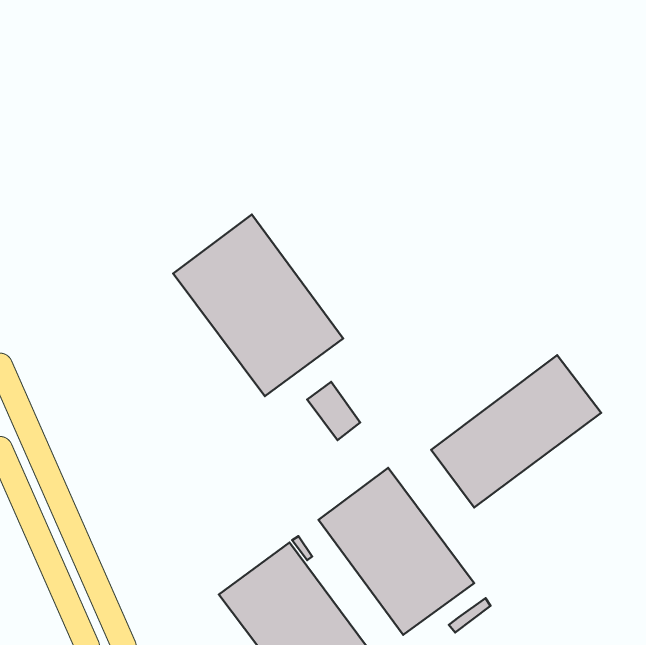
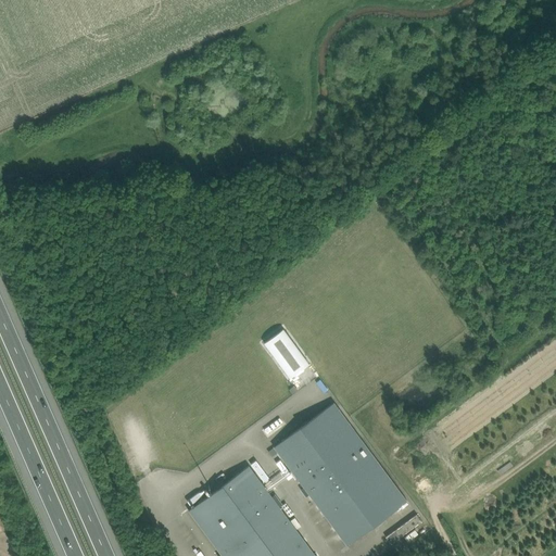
building: [173,214,343,396] -> none
building: [431,355,601,507] -> none

